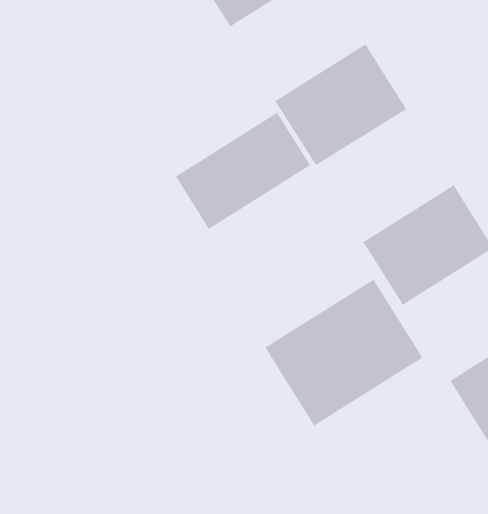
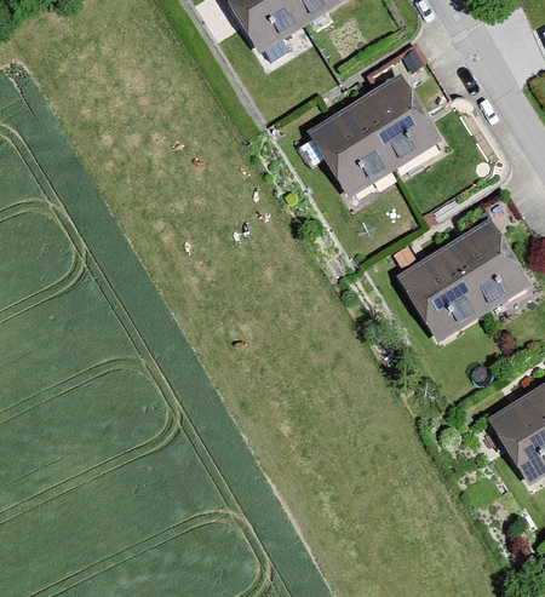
building: [175,112,311,230] -> none
building: [264,279,423,427] -> none

